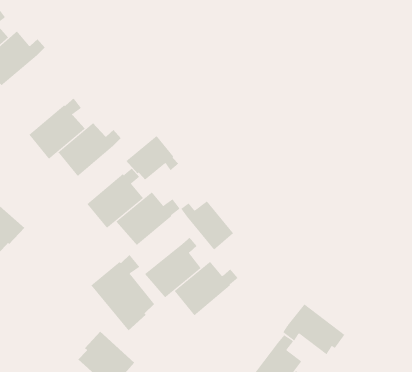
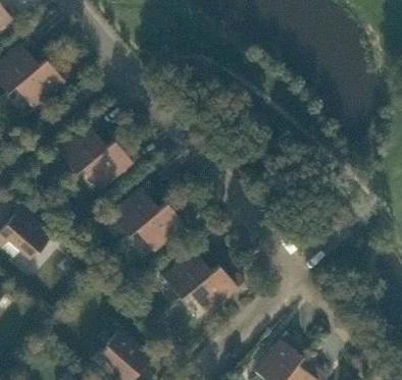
building: [126,135,179,180] -> none
building: [181,201,241,250] -> none
building: [90,254,155,331] -> none
building: [283,304,345,355] -> none

